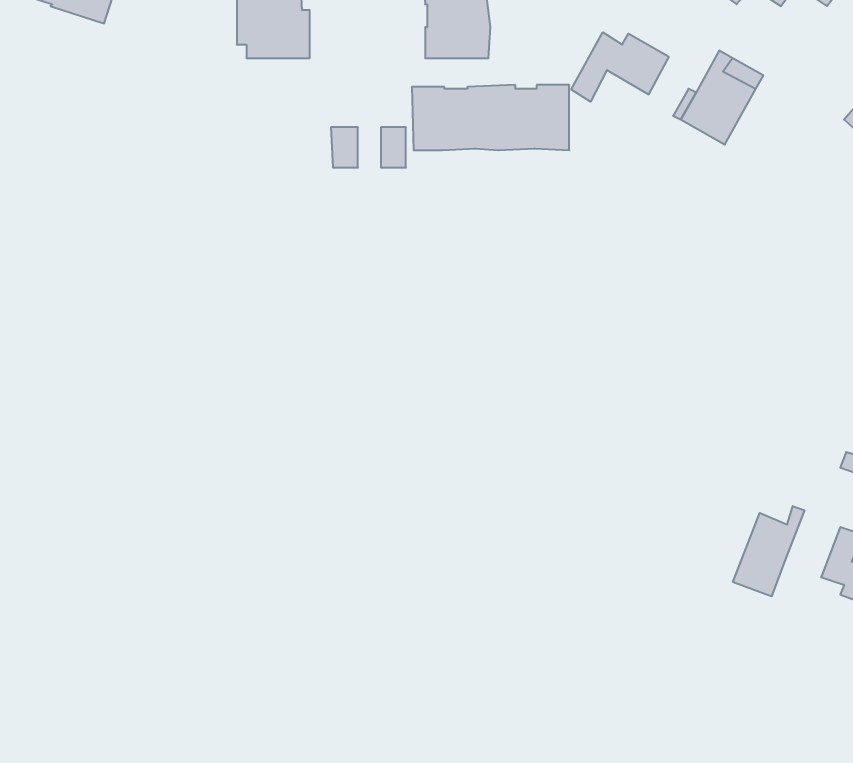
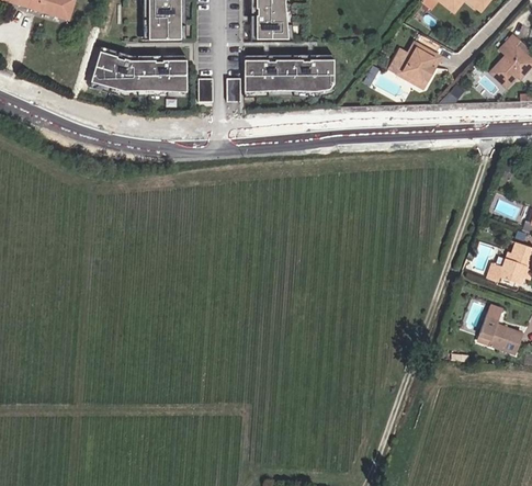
building: [571,32,669,102] -> none
building: none -> [91,47,186,93]
building: [733,506,804,596] -> none

